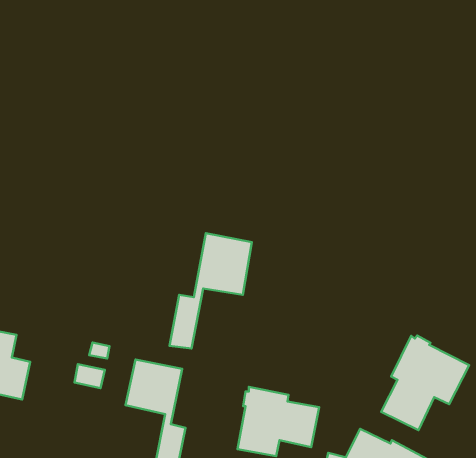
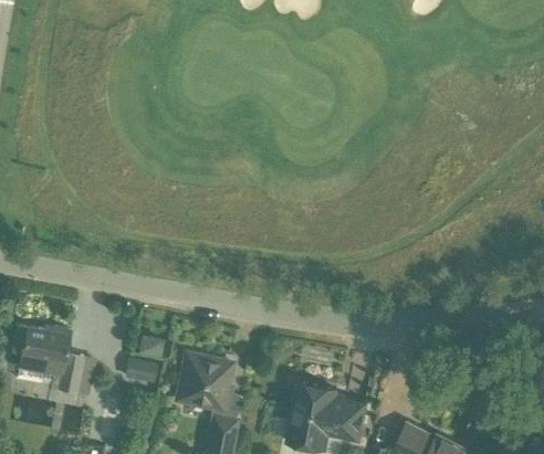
building: [170,233,252,349] -> none
building: [381,336,469,430] -> none

